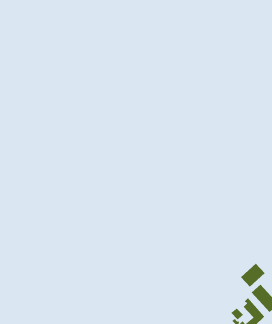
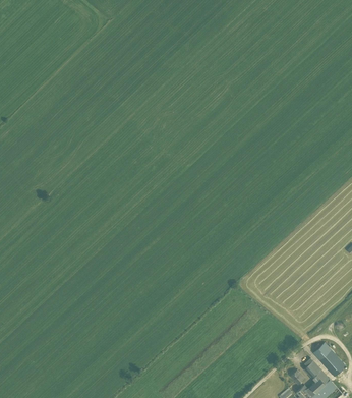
building: [240,263,265,288] -> none

